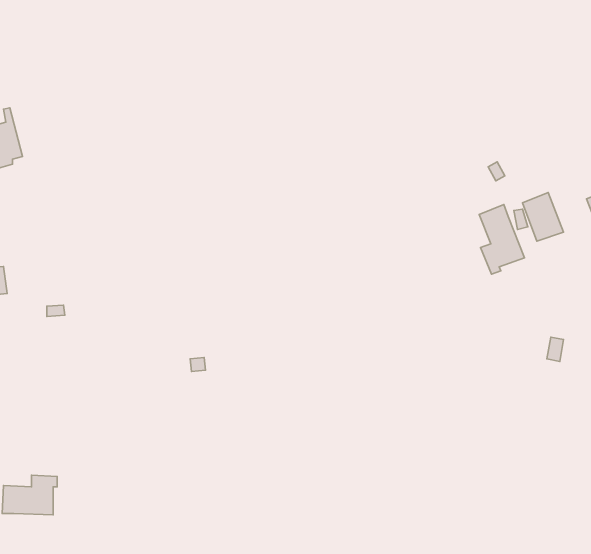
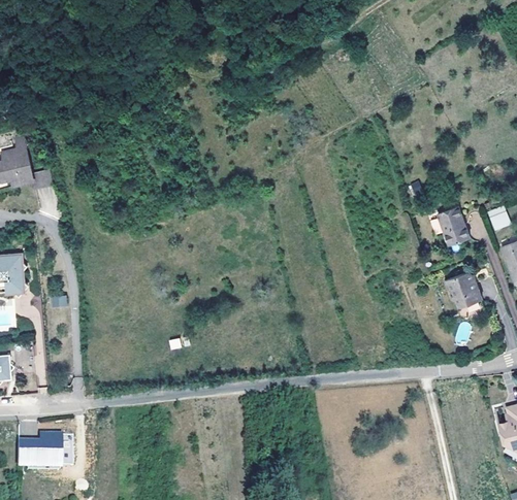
building: [479,204,524,274] -> none
building: none -> [446,272,482,305]

